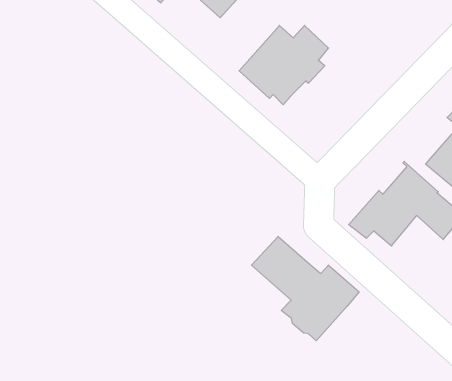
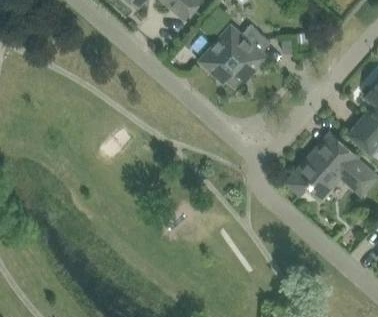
building: [252,236,359,341] -> none

